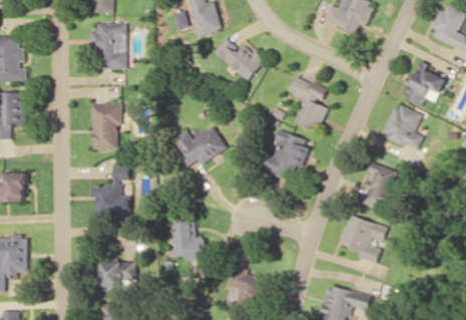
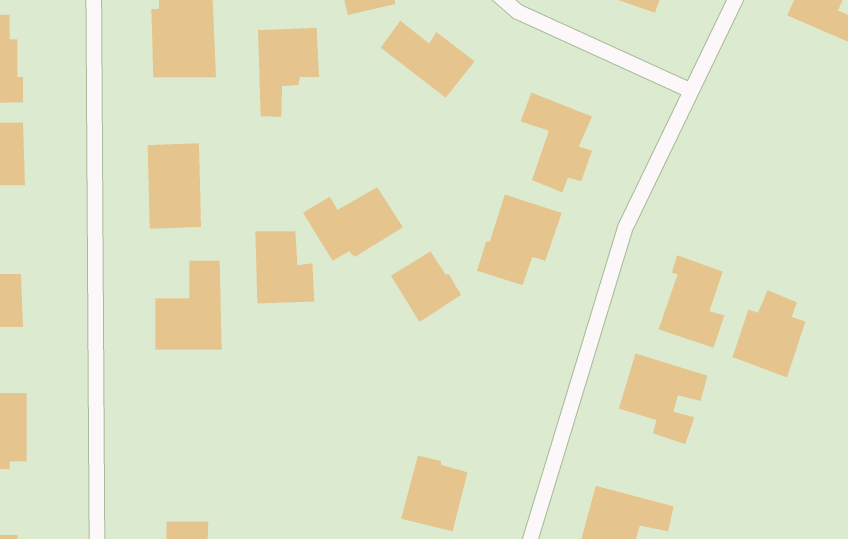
building: none -> [257,27,320,118]
building: [405,63,447,107] -> none
building: [382,103,423,151] -> none
building: none -> [390,250,462,323]
building: none -> [732,289,807,378]
building: [171,220,203,259] -> [255,230,315,304]
building: [97,263,136,289] -> none

